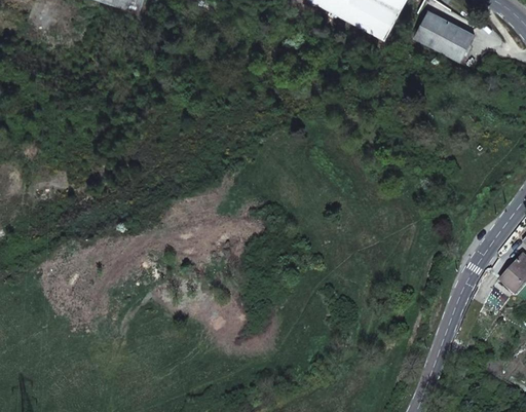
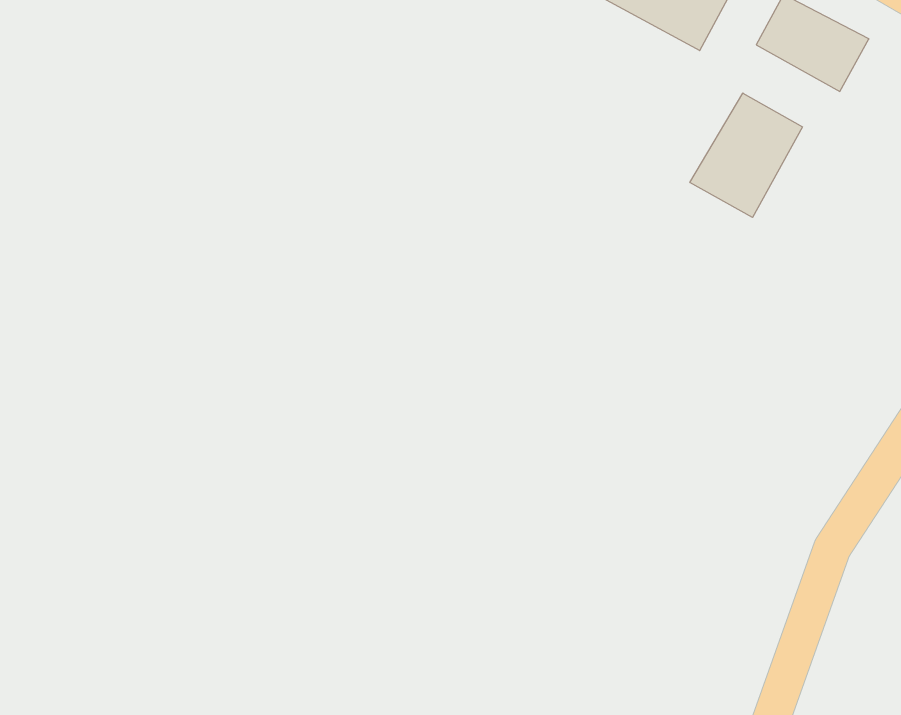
building: none -> [690,93,802,217]

